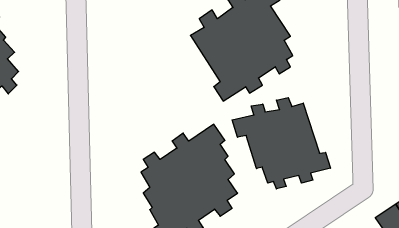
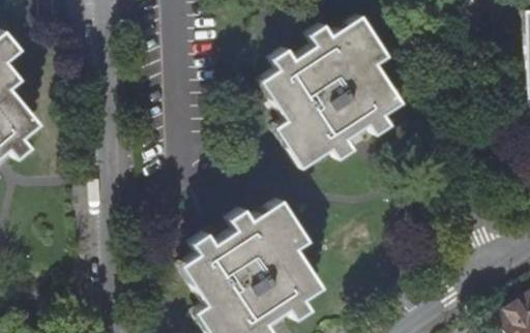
building: [232,98,330,189] -> none

